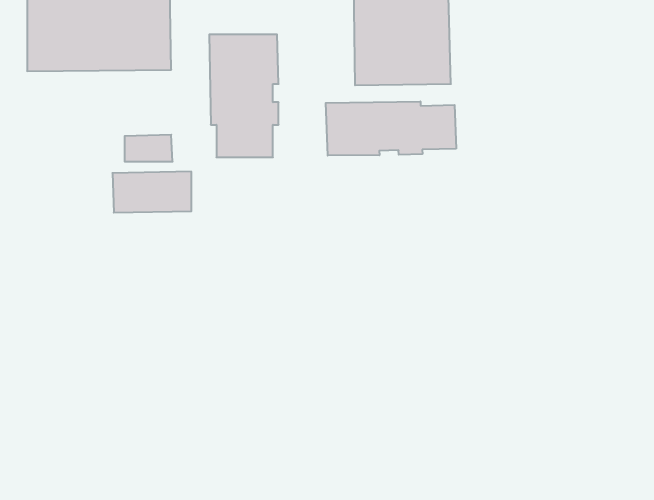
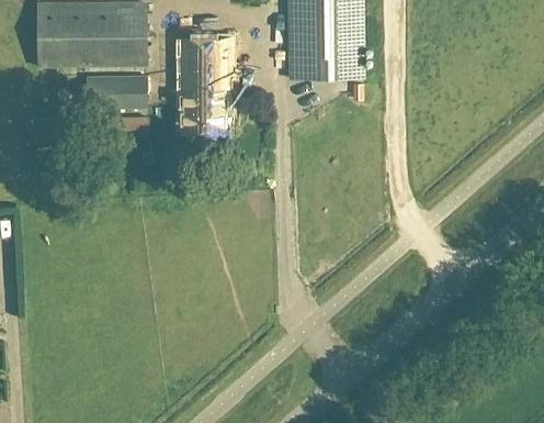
building: [326,101,456,156] -> none
building: [112,172,191,213] -> [87,75,148,107]

